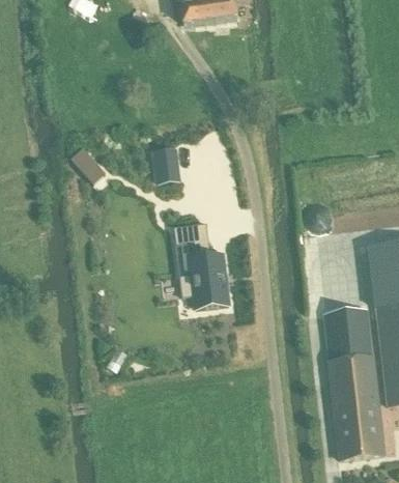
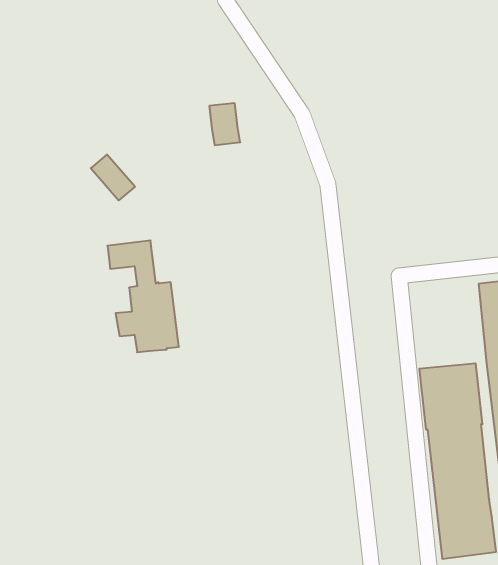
building: [155,149,179,181] -> [209,103,240,145]
building: [174,222,229,308] -> [107,240,179,352]

